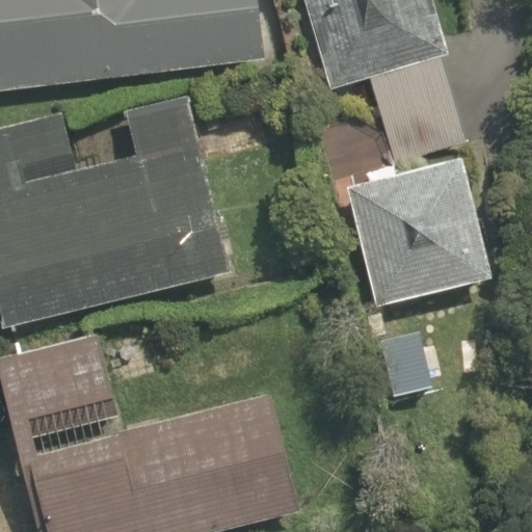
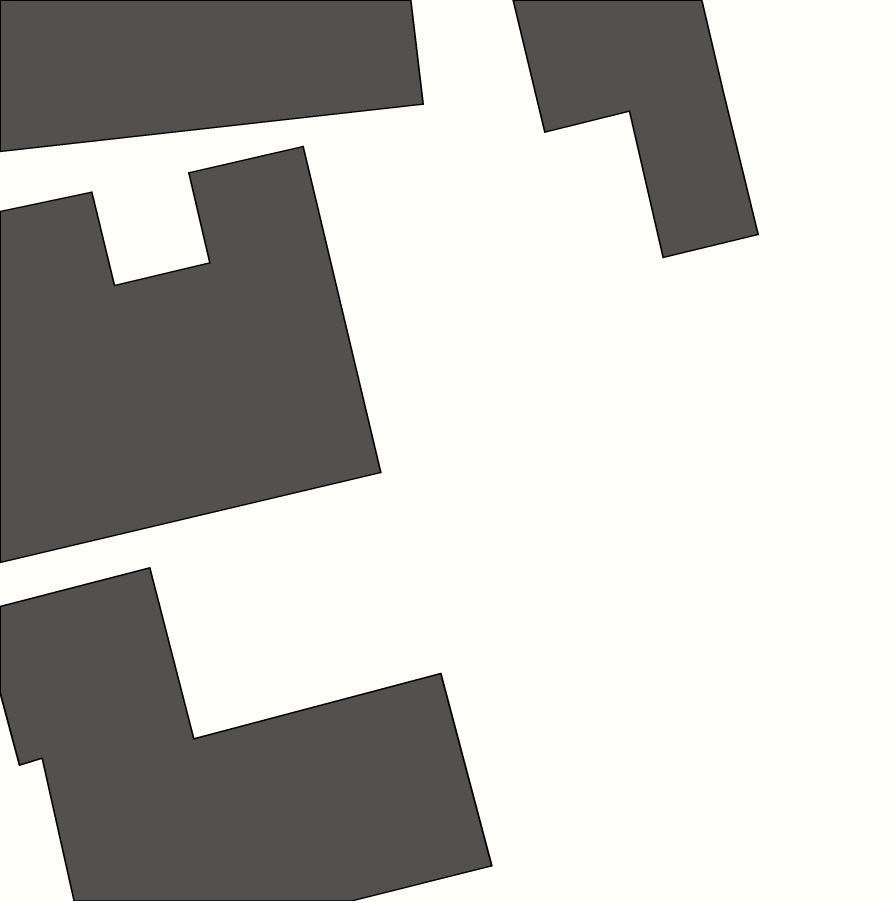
building: [345,153,482,301] -> none

